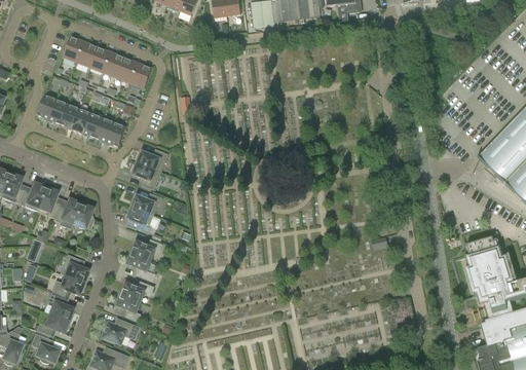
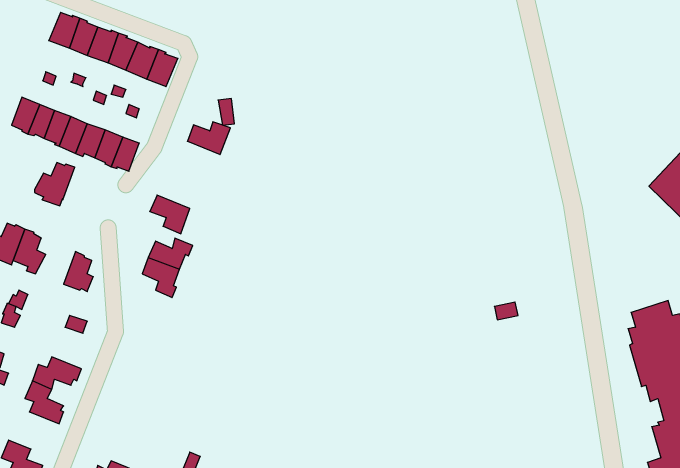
building: [138,149,167,172] -> [187,122,230,155]
building: [53,198,81,228] -> [35,163,75,206]
building: [127,238,162,281] -> none
building: [60,254,88,283] -> none
building: [117,281,154,321] -> none
building: [36,312,70,335] -> none
building: [103,318,140,343] -> none

